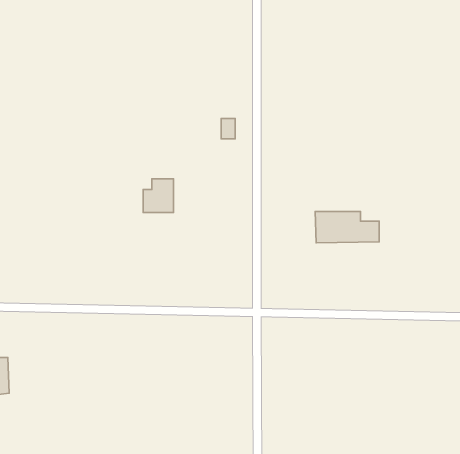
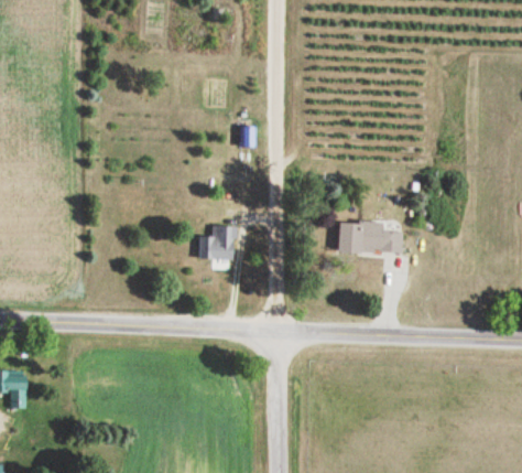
building: [143,179,173,212] -> [202,226,232,260]

